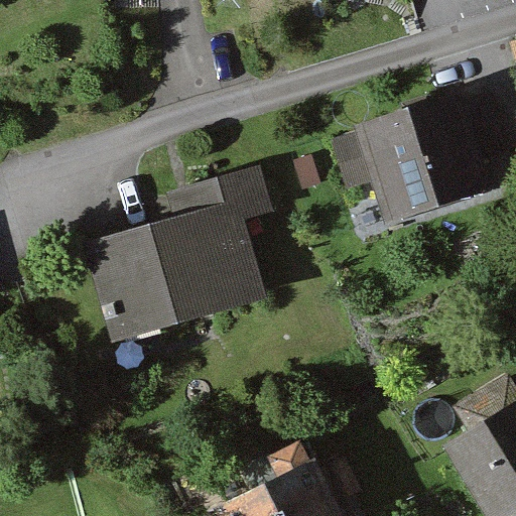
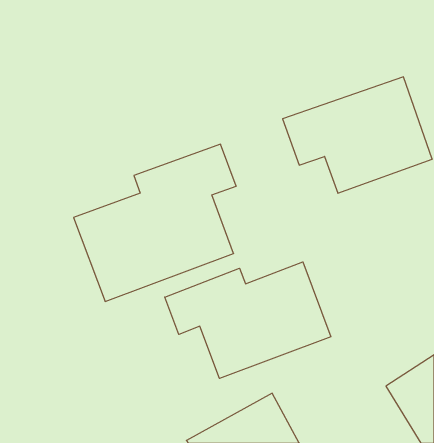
building: none -> [165,262,331,378]

